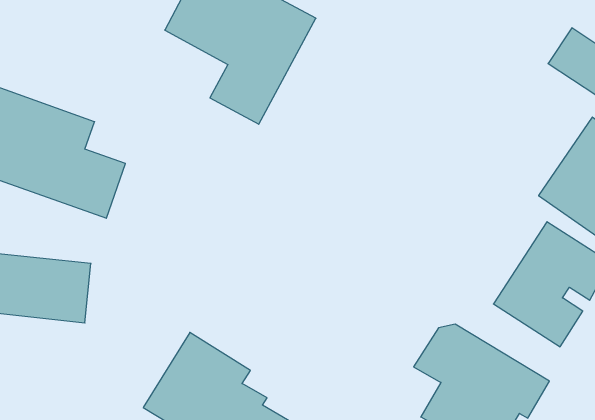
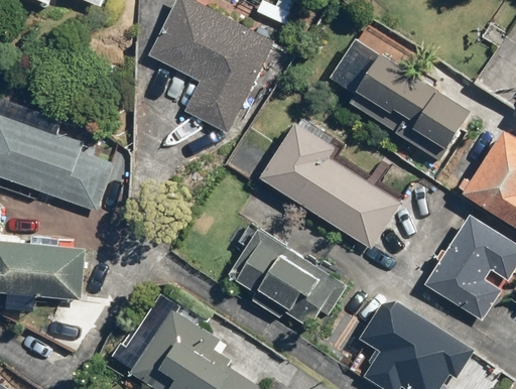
building: none -> [330,37,472,162]
building: none -> [259,121,399,250]
building: none -> [227,227,350,342]

